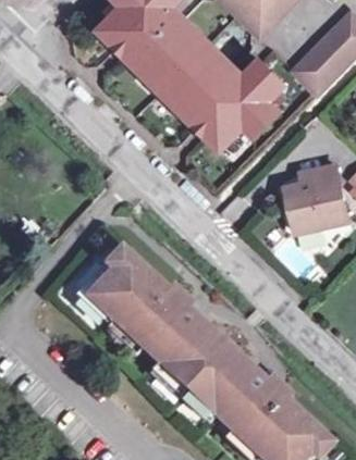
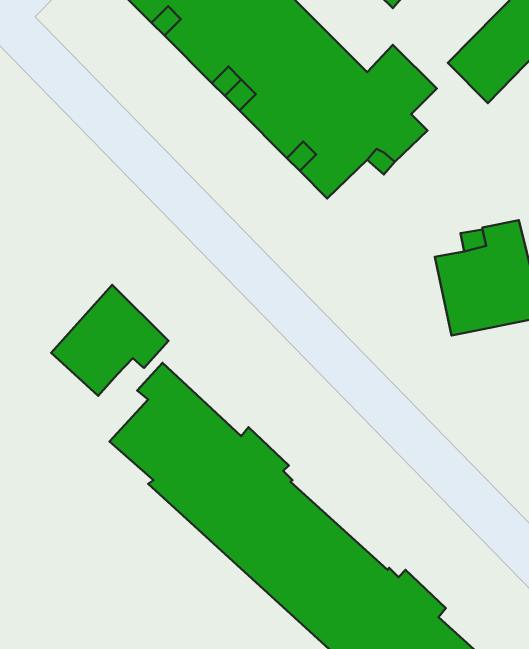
building: none -> [51,285,168,396]

